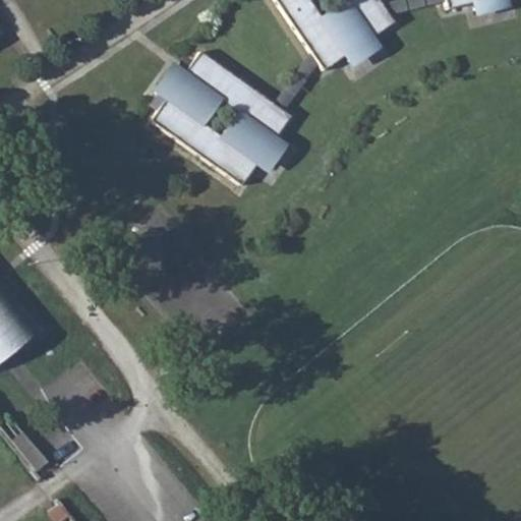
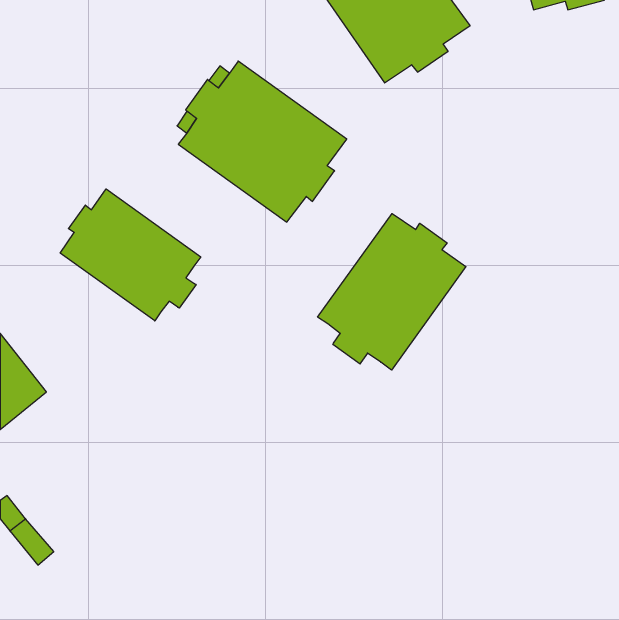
building: none -> [60,189,201,321]
building: none -> [318,214,466,370]

